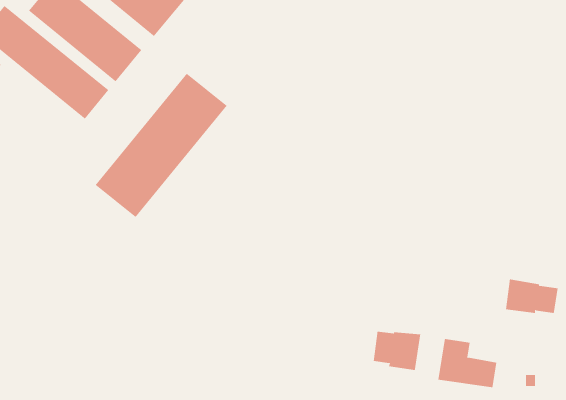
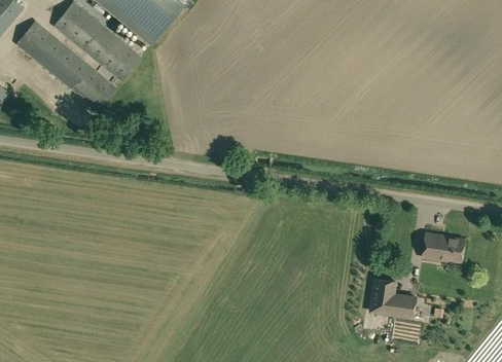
building: [95,73,228,218] -> none
building: [373,331,421,371] -> none

